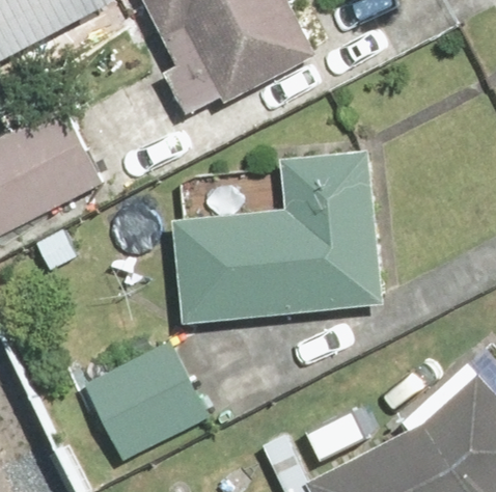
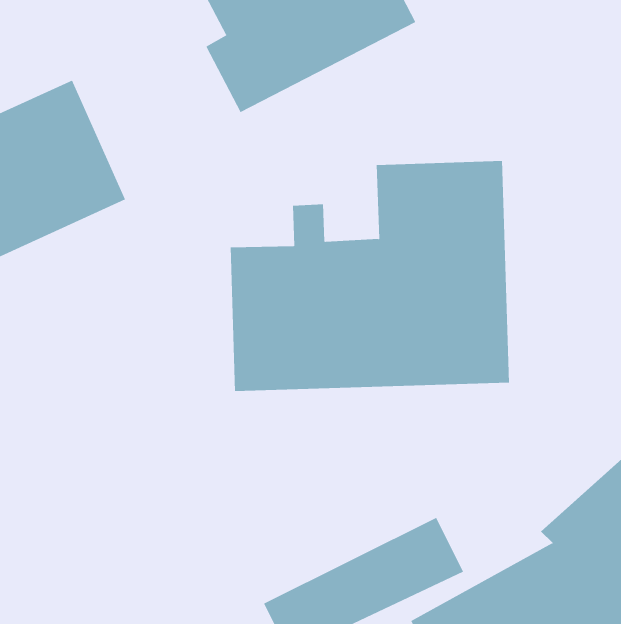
building: [84,344,204,462] -> none

